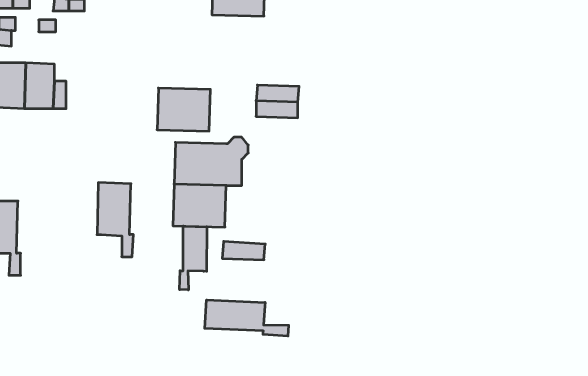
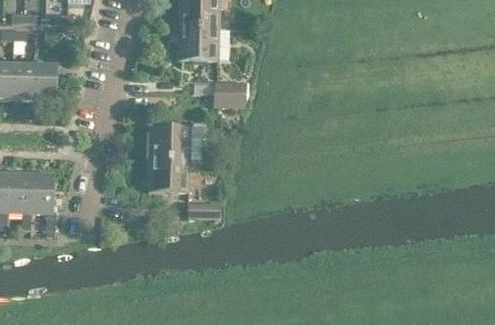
building: [157,88,210,131] -> [176,25,218,59]
building: [97,183,133,257] -> [26,170,54,227]
building: [180,226,207,290] -> none
building: [205,300,289,336] -> none

